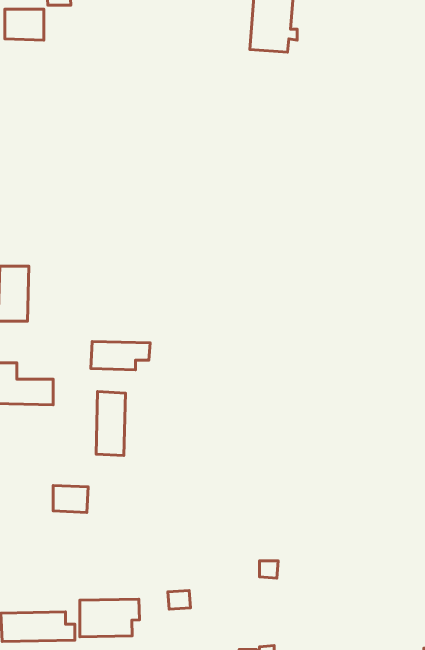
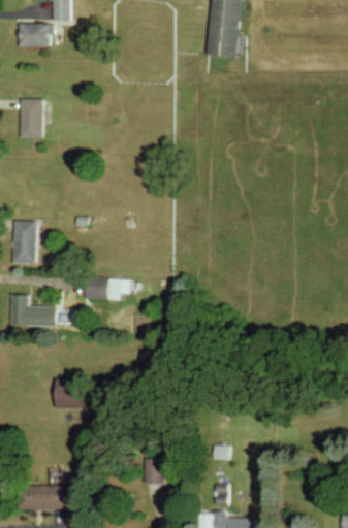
building: none -> [20,99,42,138]
building: [96,392,125,455] -> none
building: [80,599,139,637] -> none

